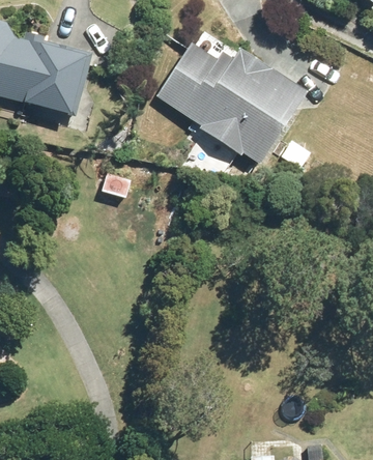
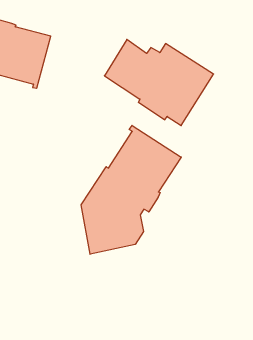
building: none -> [81,125,181,254]

